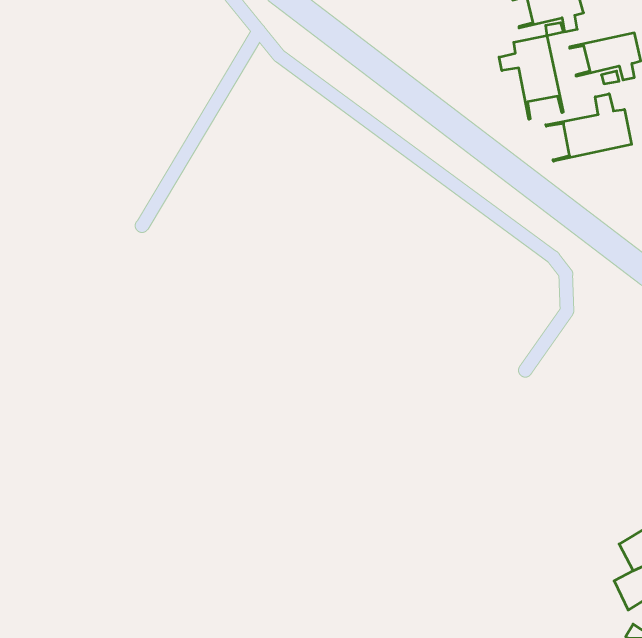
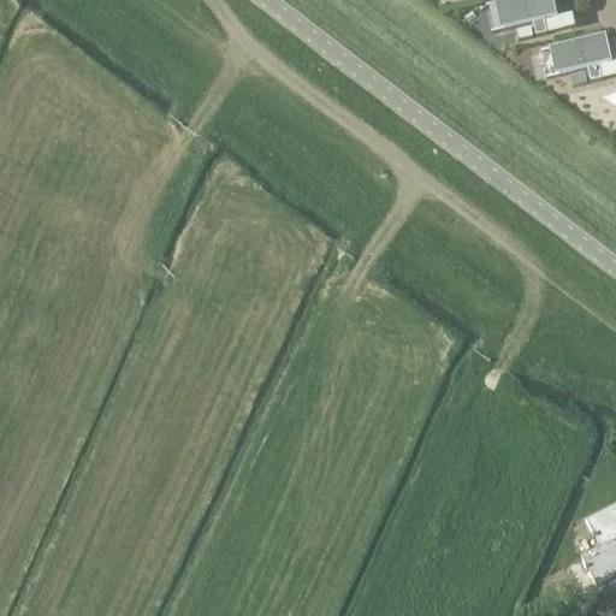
building: [499,36,563,119] -> none
building: [546,94,632,161] -> none

